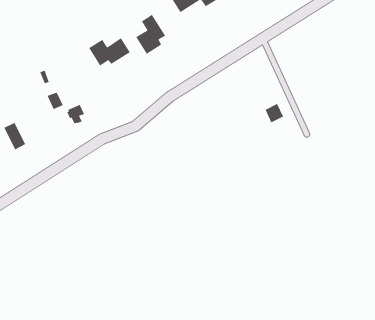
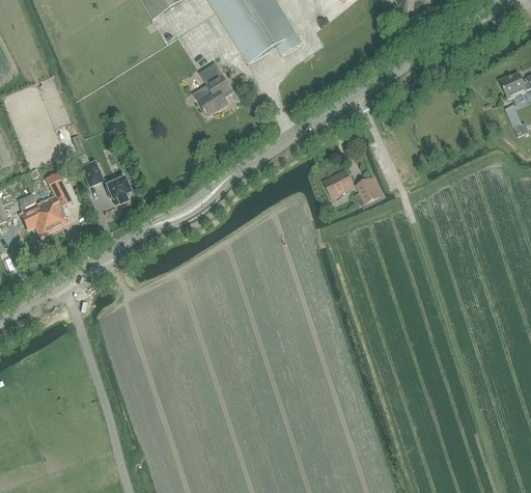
building: [88,37,131,66] -> none
building: none -> [324,169,352,194]
building: none -> [39,177,71,228]

